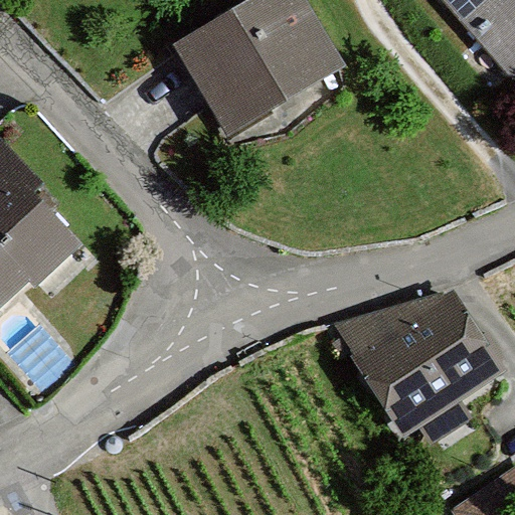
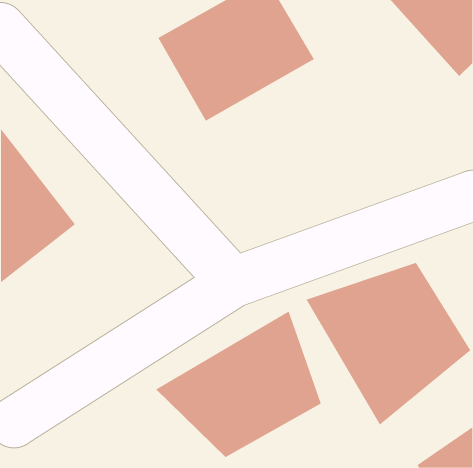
building: none -> [155,310,321,458]

